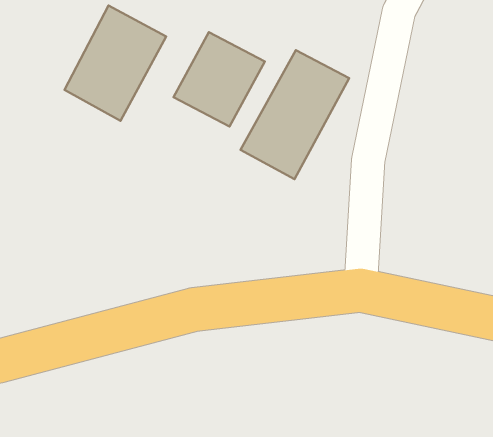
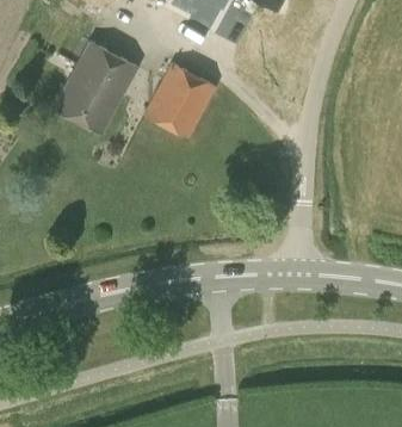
building: [241,50,349,179] -> none

